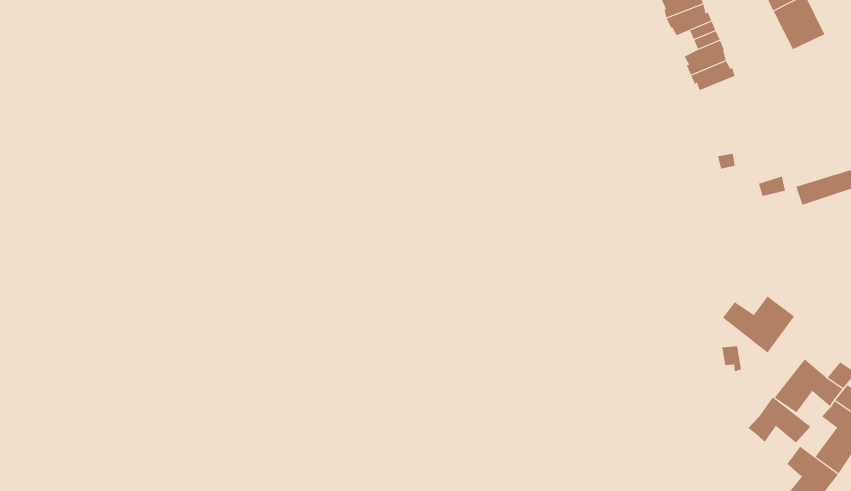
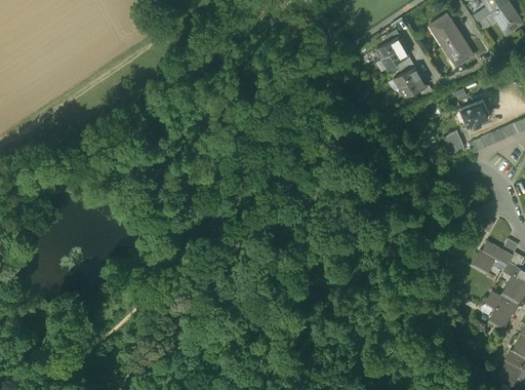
building: none -> [460,101,489,128]
building: [722,295,795,354] -> none
building: [748,396,811,443] -> none

